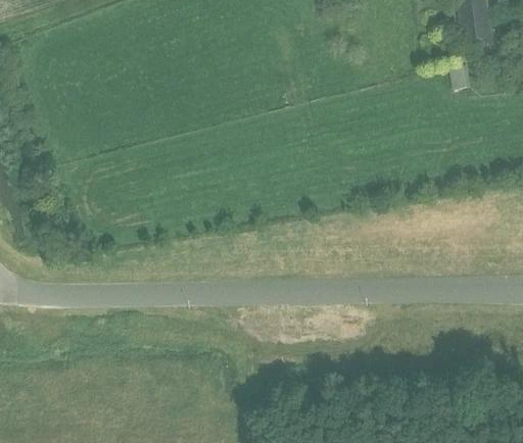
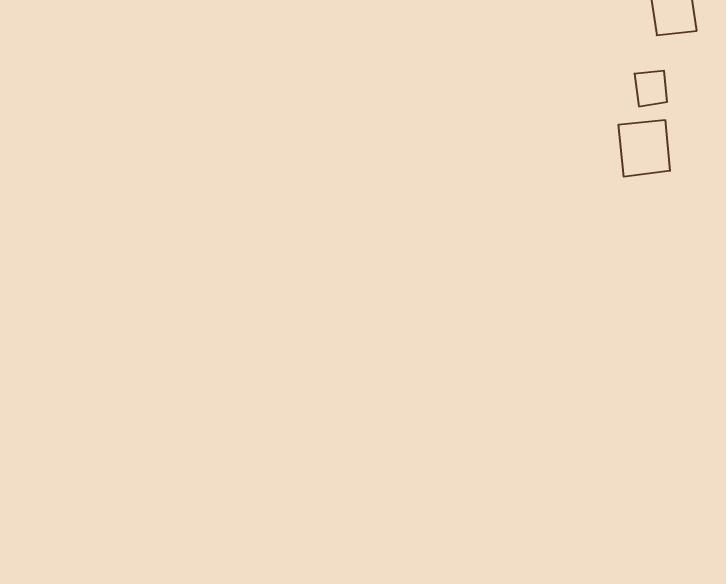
building: none -> [619,120,670,177]

